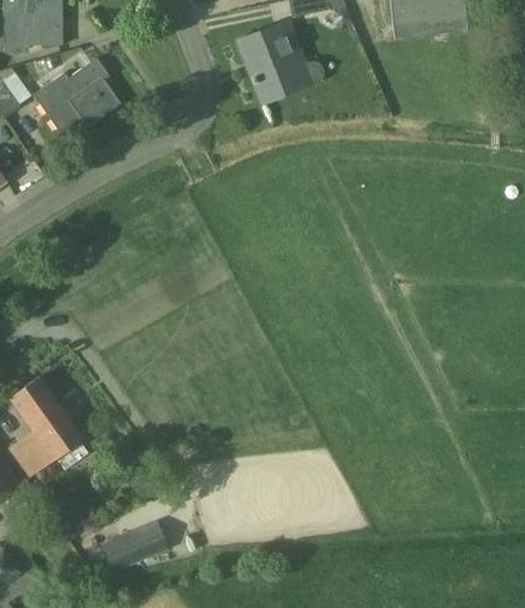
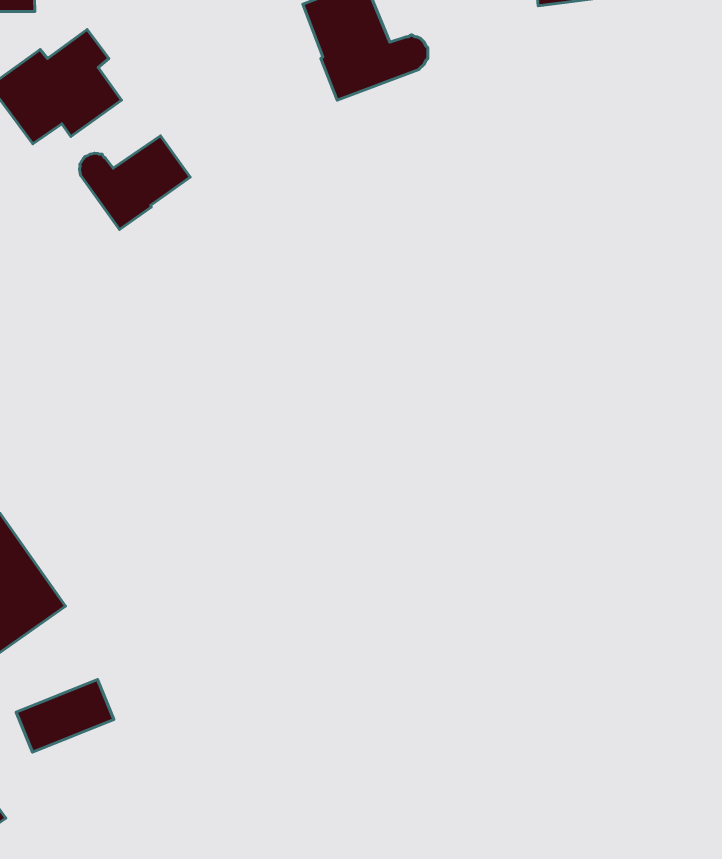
building: none -> [79,136,190,230]
building: [103,522,168,570] -> [16,680,114,752]

